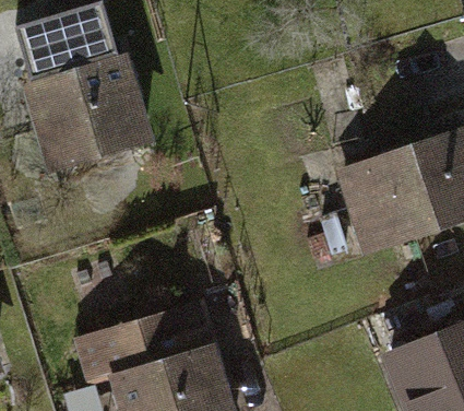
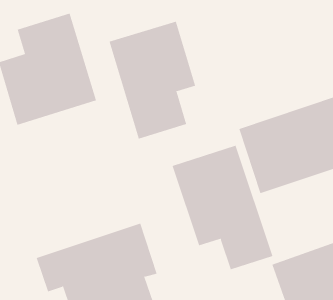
building: none -> [109,21,196,139]
building: none -> [172,145,273,270]

